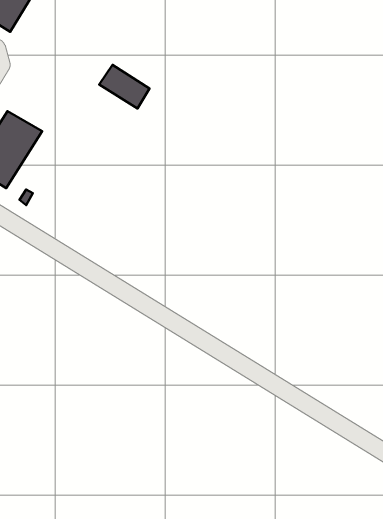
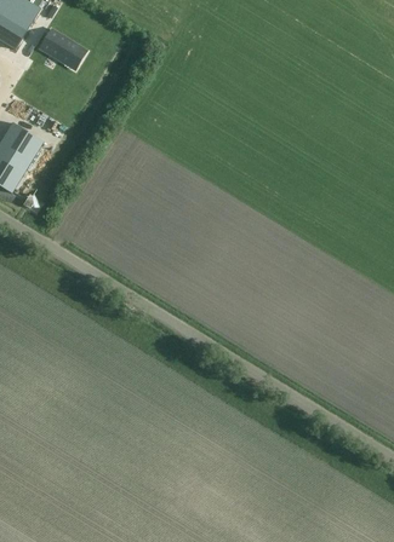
building: [99,65,149,108] -> [39,29,85,69]

